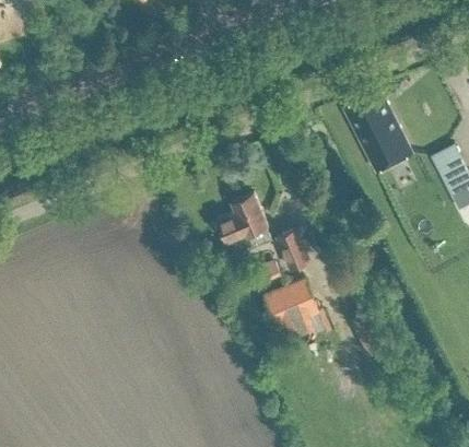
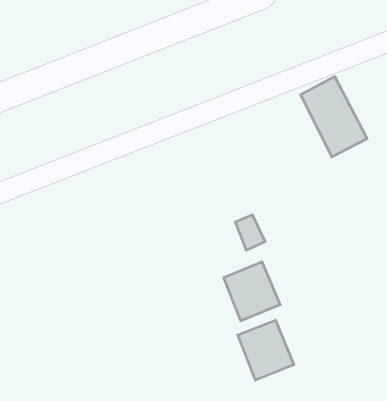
building: [218,195,272,250] -> none
building: none -> [238,320,294,380]

